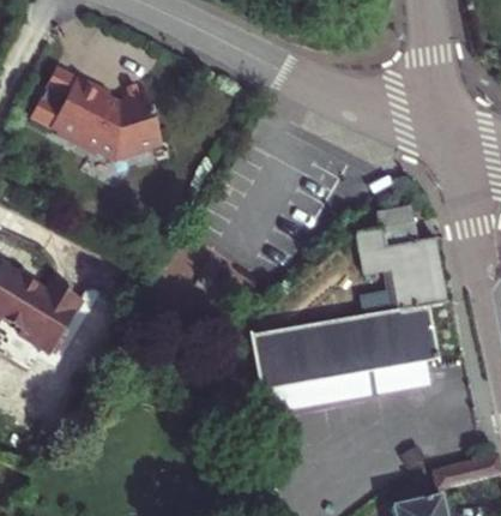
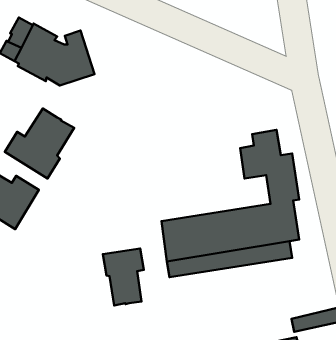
building: none -> [5,108,74,178]
building: none -> [103,248,144,306]

